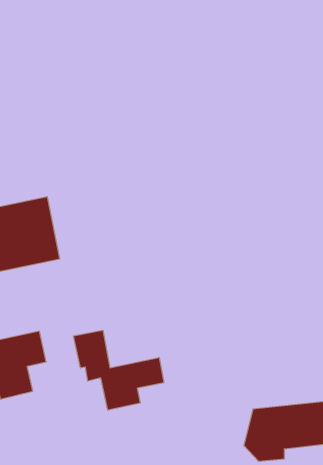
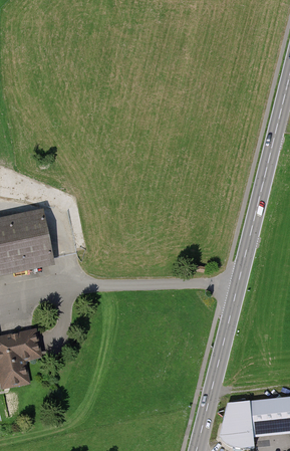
building: [74,330,164,410] -> none

